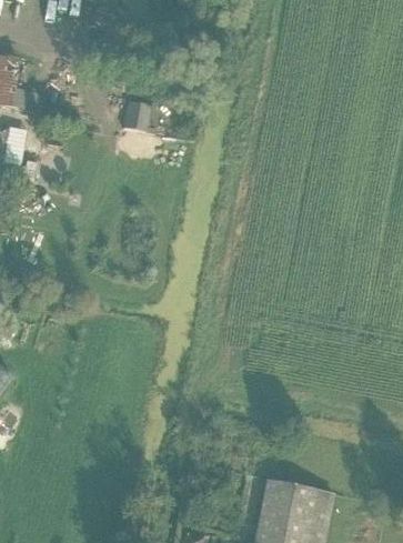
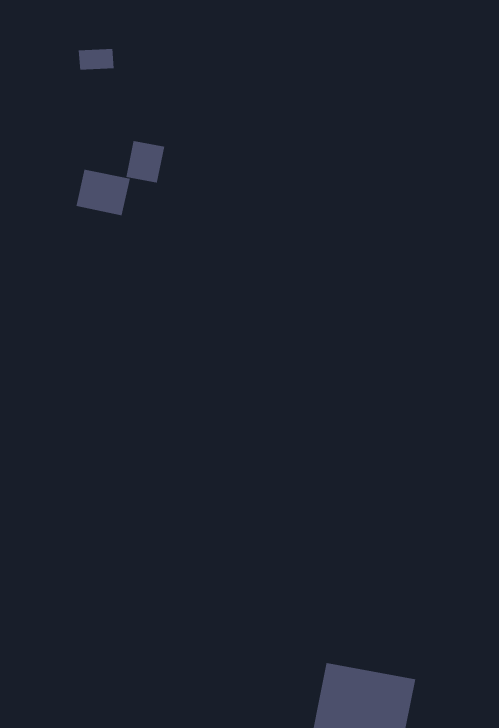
building: none -> [76,169,130,216]

